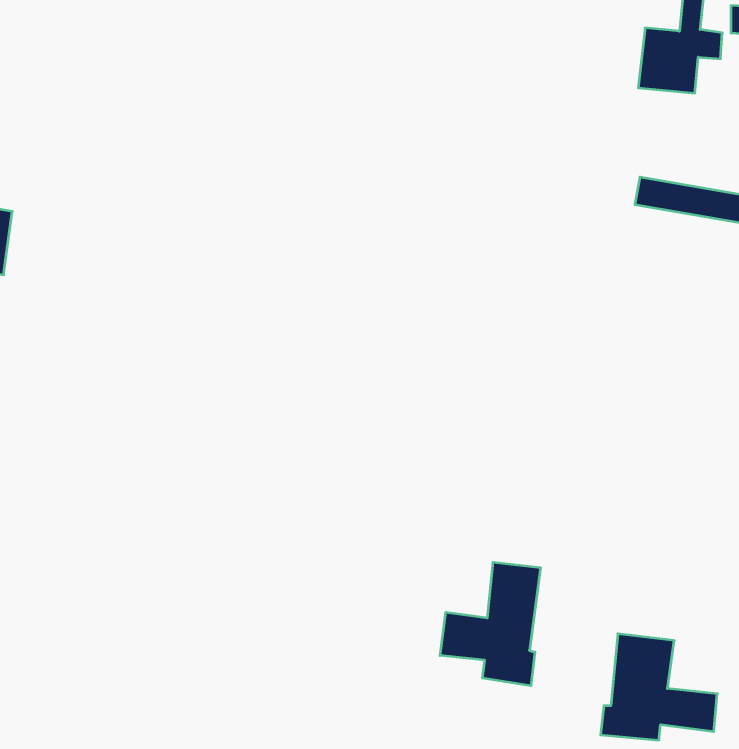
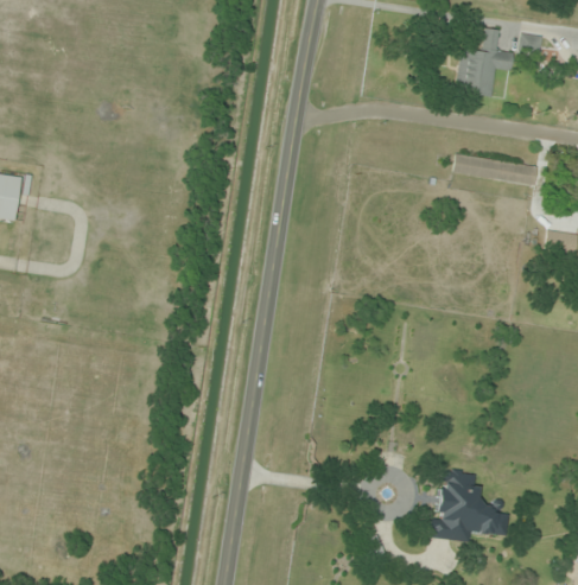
building: [440,562,540,686] -> none

